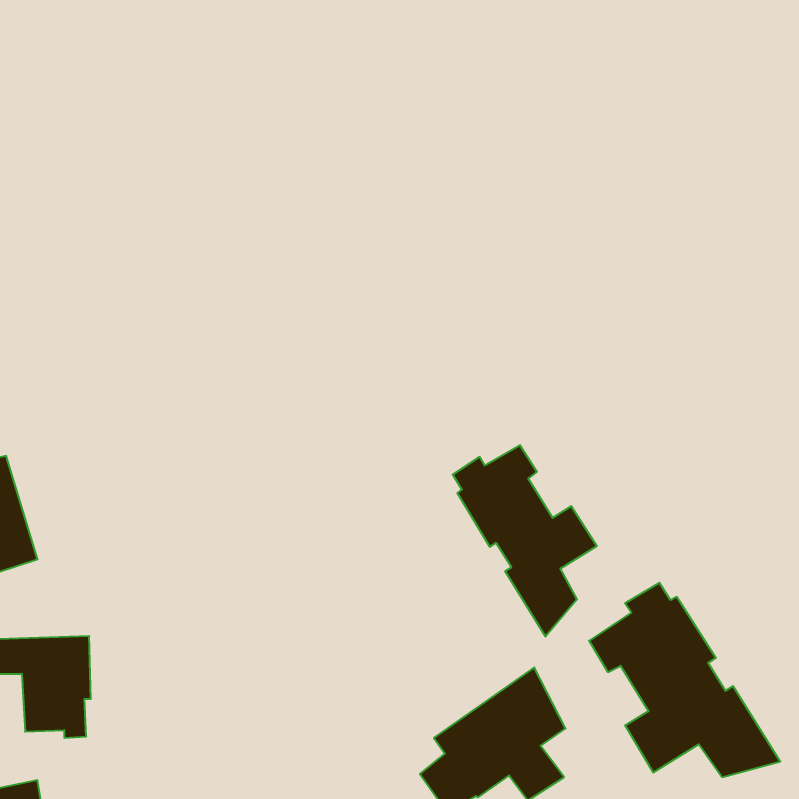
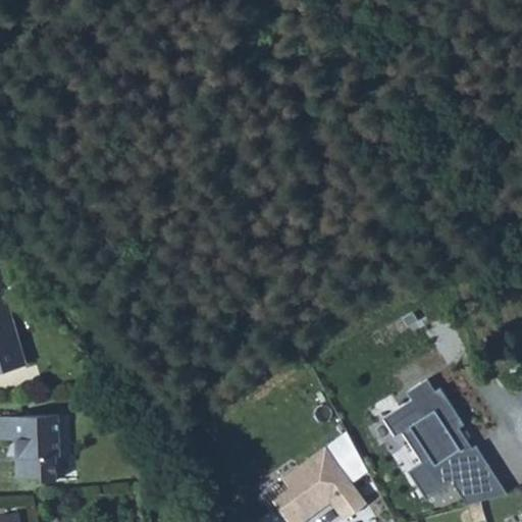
building: [453,445,597,637] -> none

